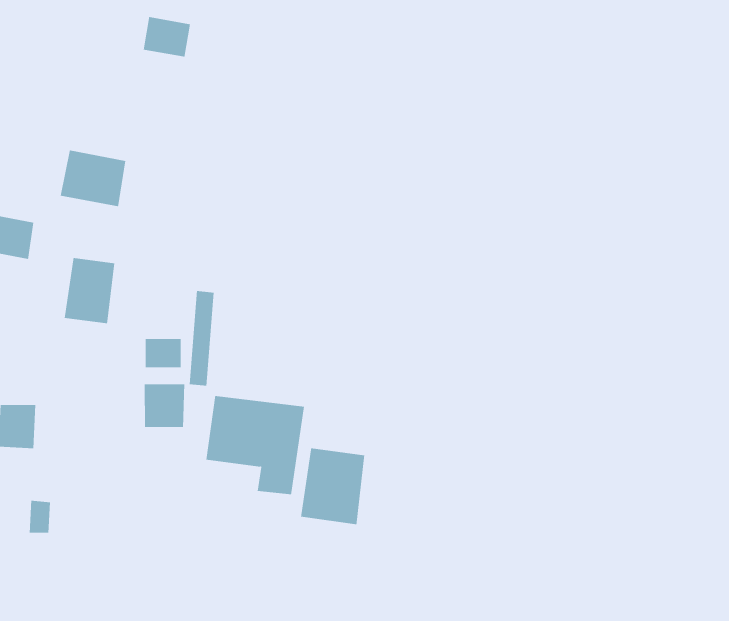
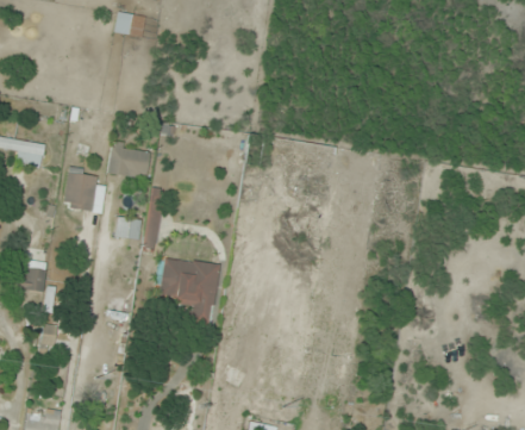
building: [60,150,126,207] -> [107,144,150,181]
building: [144,383,185,428] -> none
building: [301,448,365,525] -> none

